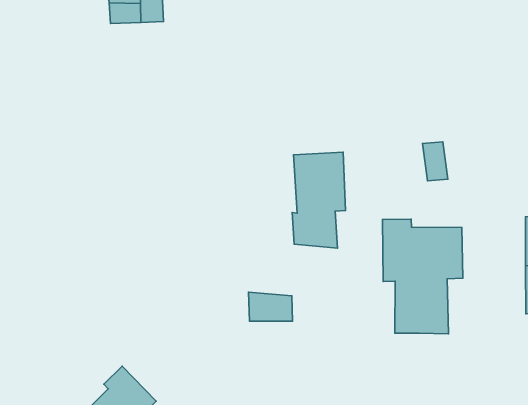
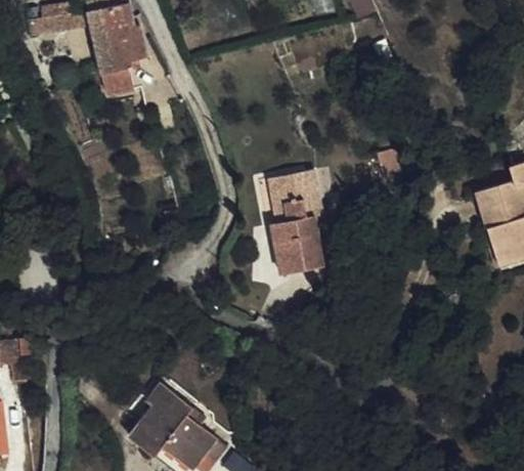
building: [383,219,463,334] -> none
building: [248,292,292,321] -> [289,248,329,274]

